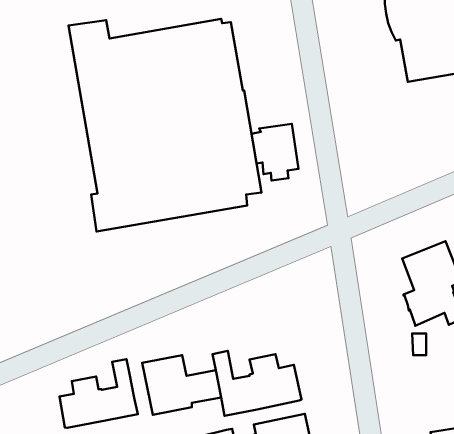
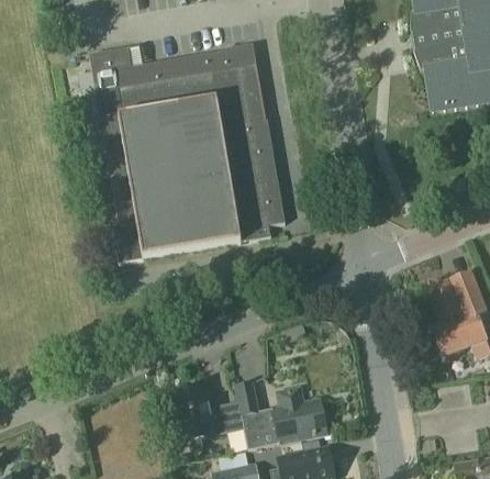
building: [251,124,298,181] -> none
building: [59,359,138,428] -> none

